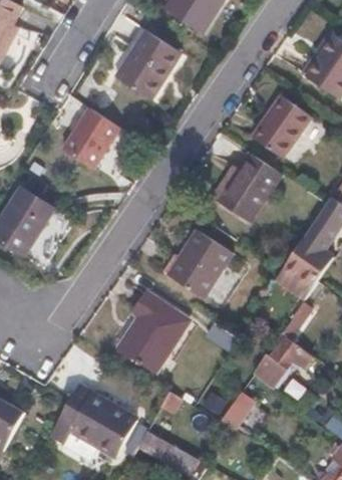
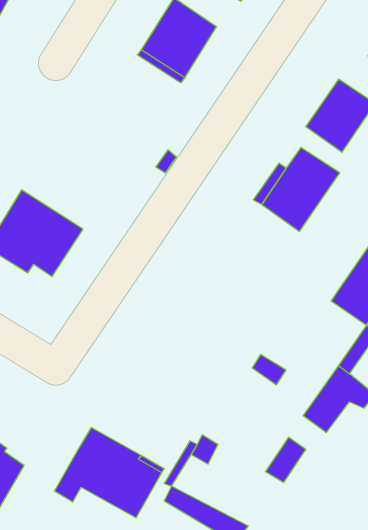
building: [63,107,119,169] -> none
building: [167,231,233,298] -> none
building: [116,291,190,375] -> none

